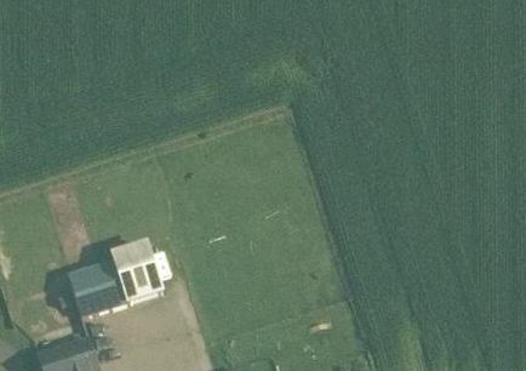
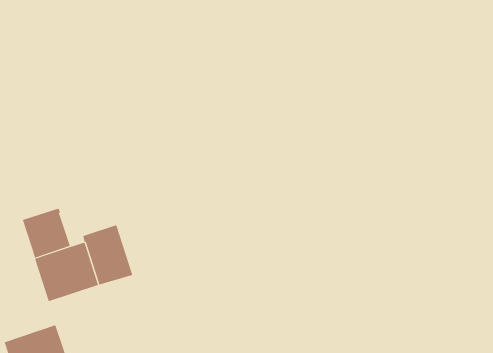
building: none -> [22,208,70,258]

